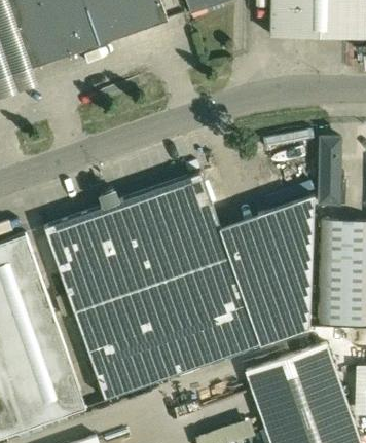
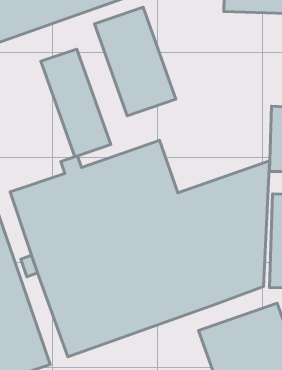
building: none -> [95,7,176,116]
building: none -> [41,49,111,157]

